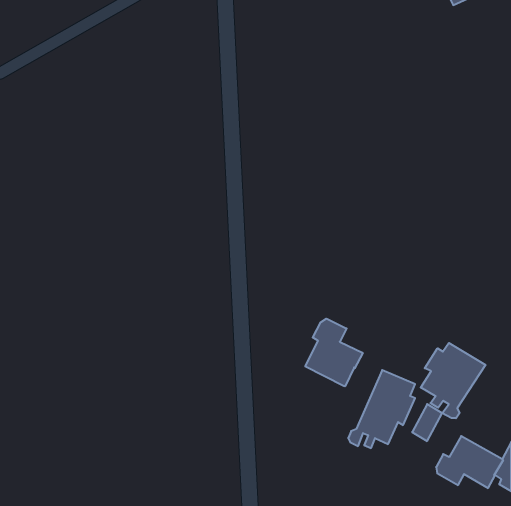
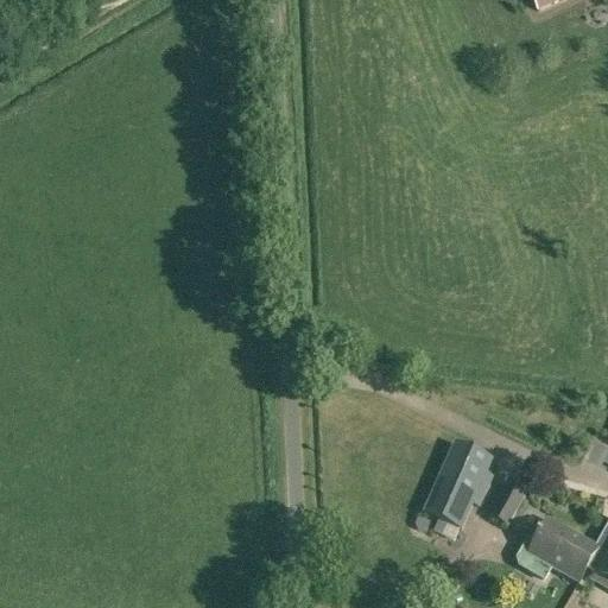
building: [305,319,363,386] -> none
building: [421,343,485,418] -> none

